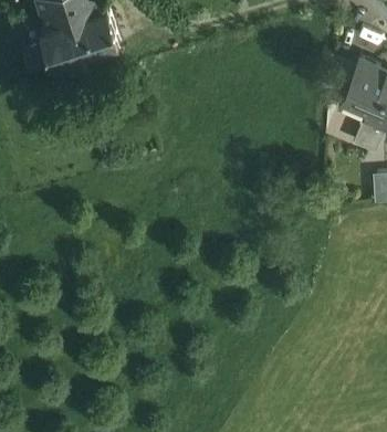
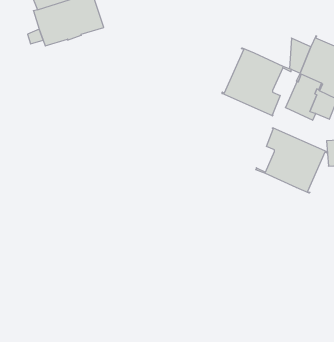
building: none -> [222,48,292,116]
building: none -> [256,128,327,193]

